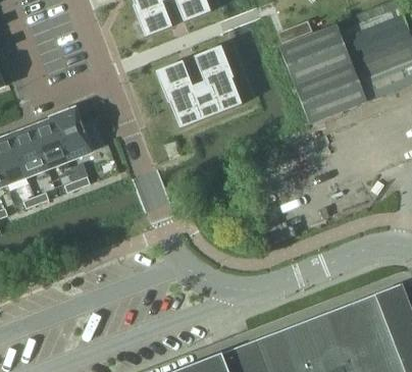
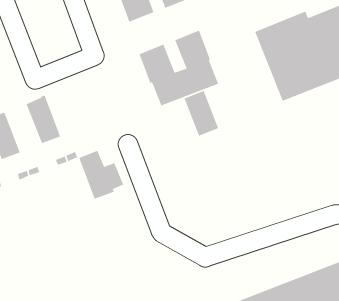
building: [54,107,104,161] -> [78,150,124,200]
building: none -> [183,90,219,137]
building: [10,125,50,178] -> none

